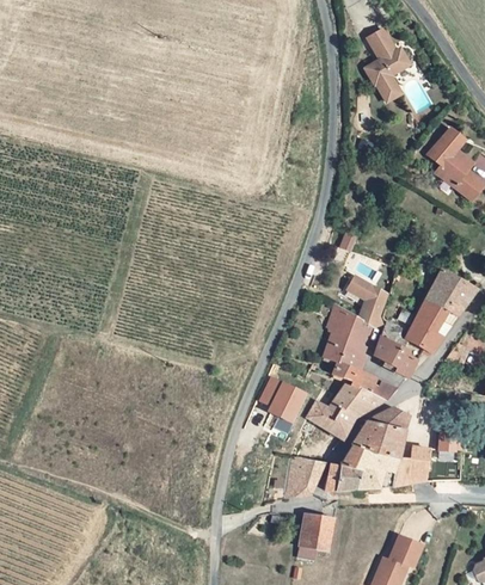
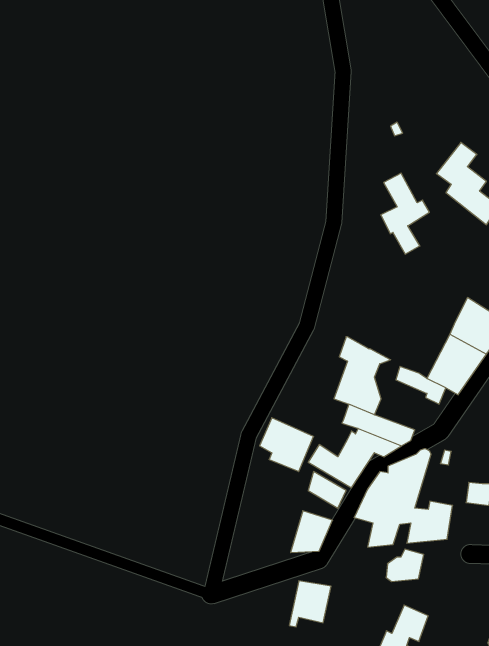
building: [358,32,401,104] -> [381,173,429,254]
building: [350,270,389,321] -> none
building: [377,339,420,376] -> none
building: [329,461,362,489] -> [386,549,424,581]

